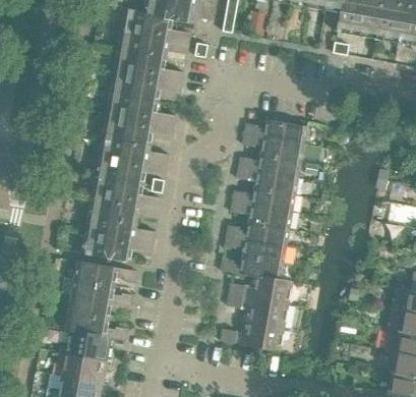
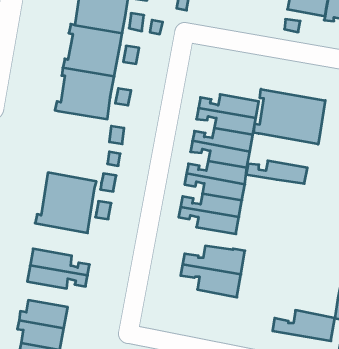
building: none -> [254,89,325,144]
building: [88,135,151,208] -> none
building: [220,254,283,278] -> [246,161,307,184]
building: [74,260,136,284] -> none
building: [65,310,126,339] -> none
building: [220,319,284,350] -> [273,310,335,341]

